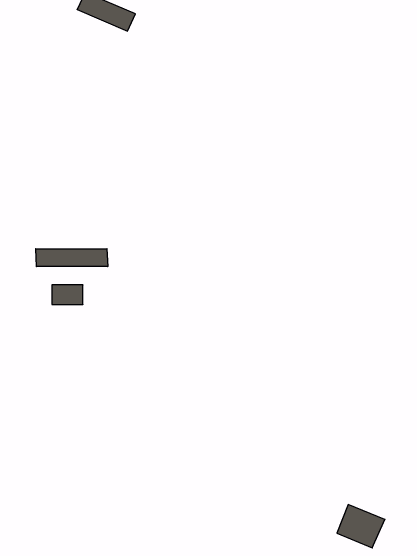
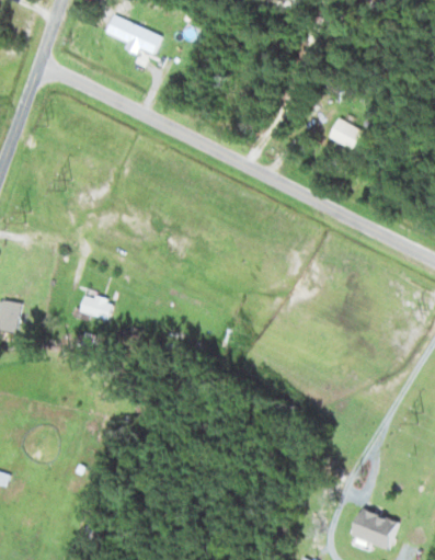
building: none -> [329,118,371,155]
building: [36,249,108,267] -> none

